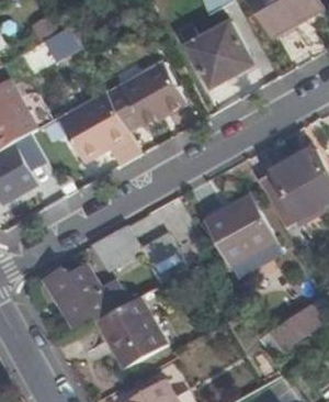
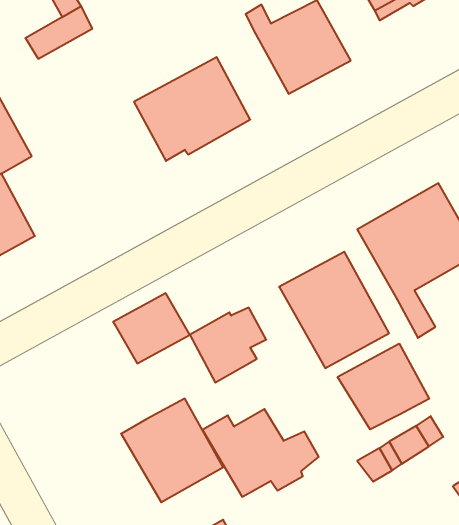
building: [57,91,138,167] -> none
building: none -> [338,344,429,429]
building: [44,265,124,325] -> [202,409,319,497]

